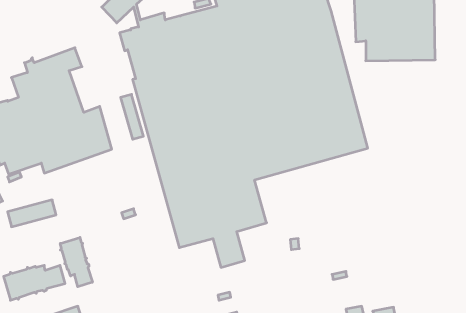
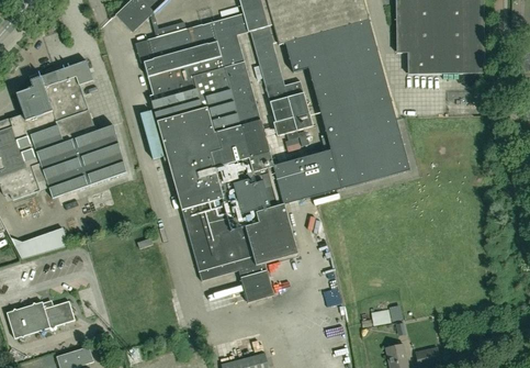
building: [60,237,92,287] -> none

